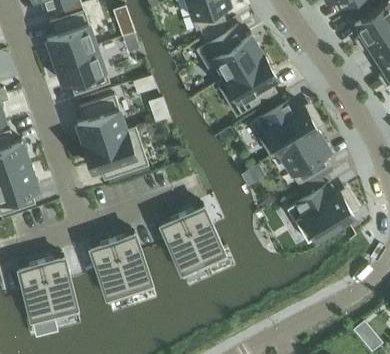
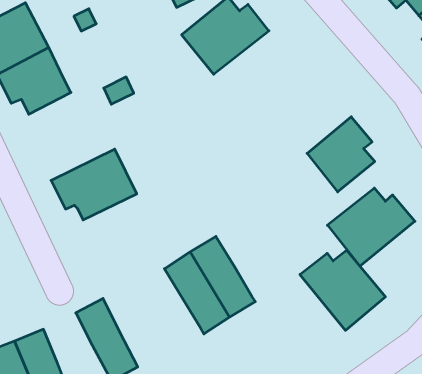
building: [218,57,277,116] -> none
building: [77,96,136,147] -> none
building: [251,101,317,158] -> none
building: none -> [300,250,385,330]
building: [112,234,153,296] -> none

